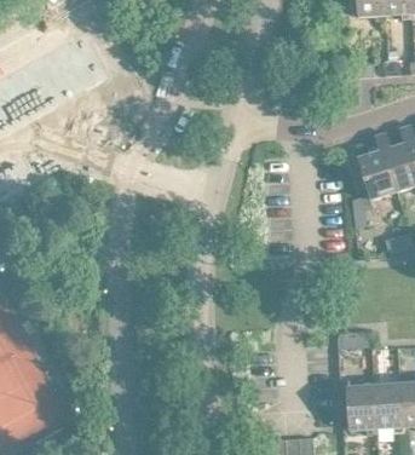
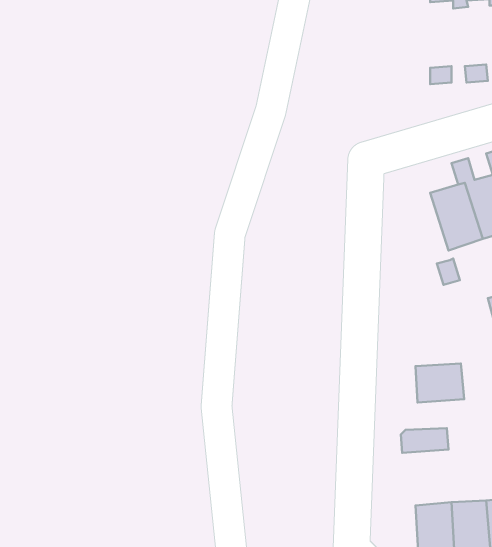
building: none -> [415,363,464,402]

